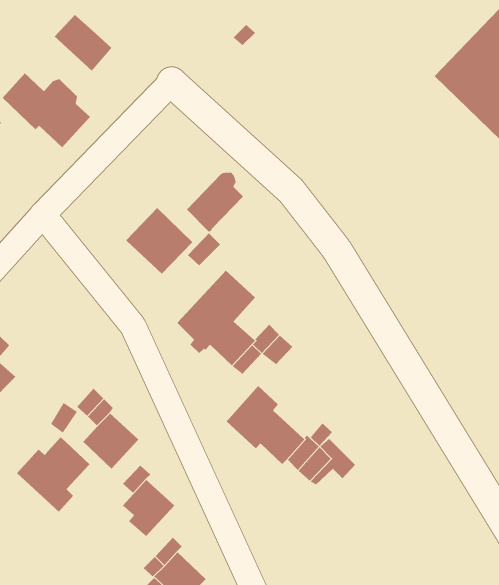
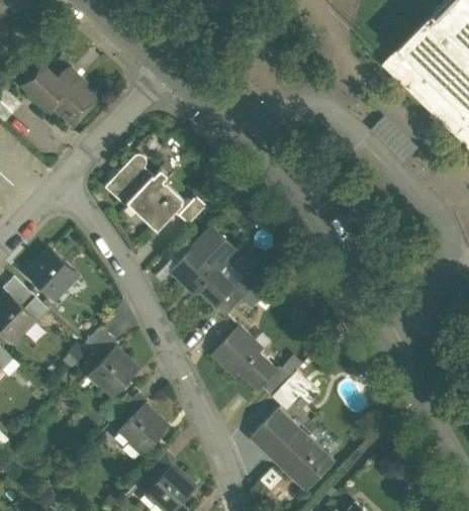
building: [54,14,112,72] -> none
building: [186,172,244,232] -> [105,156,154,206]
building: none -> [28,250,77,299]
building: [16,436,90,513] -> none
building: none -> [253,410,333,488]

